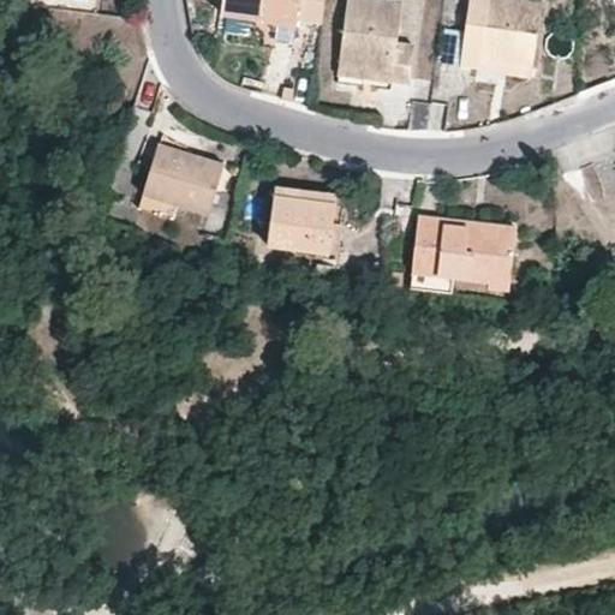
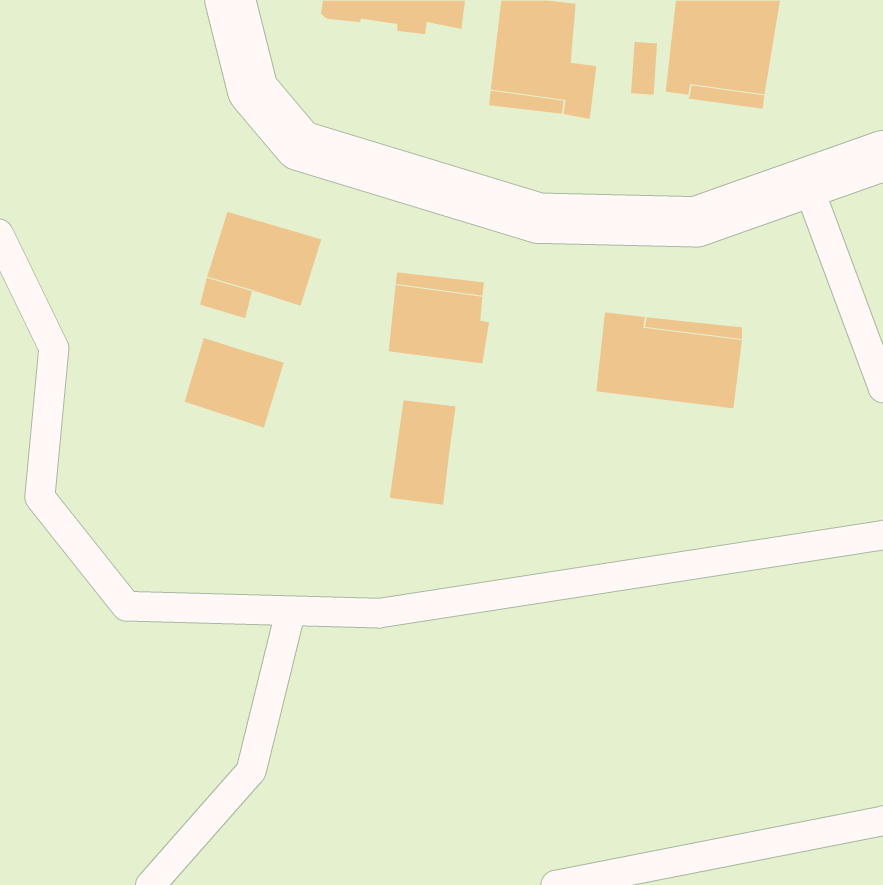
building: none -> [184,337,285,429]
building: none -> [389,400,456,506]

